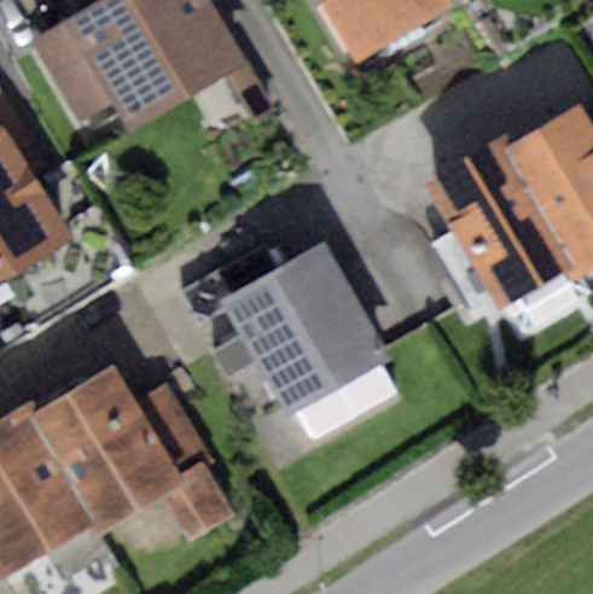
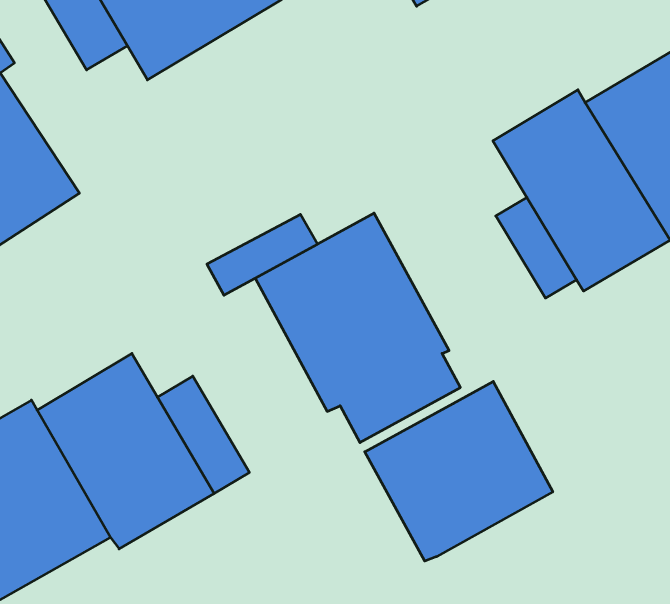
building: none -> [365,381,553,561]

